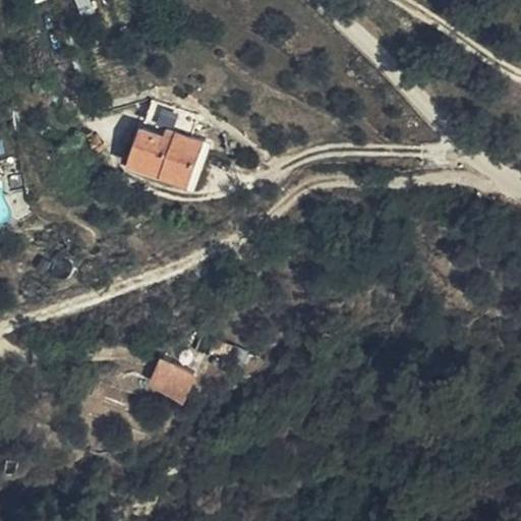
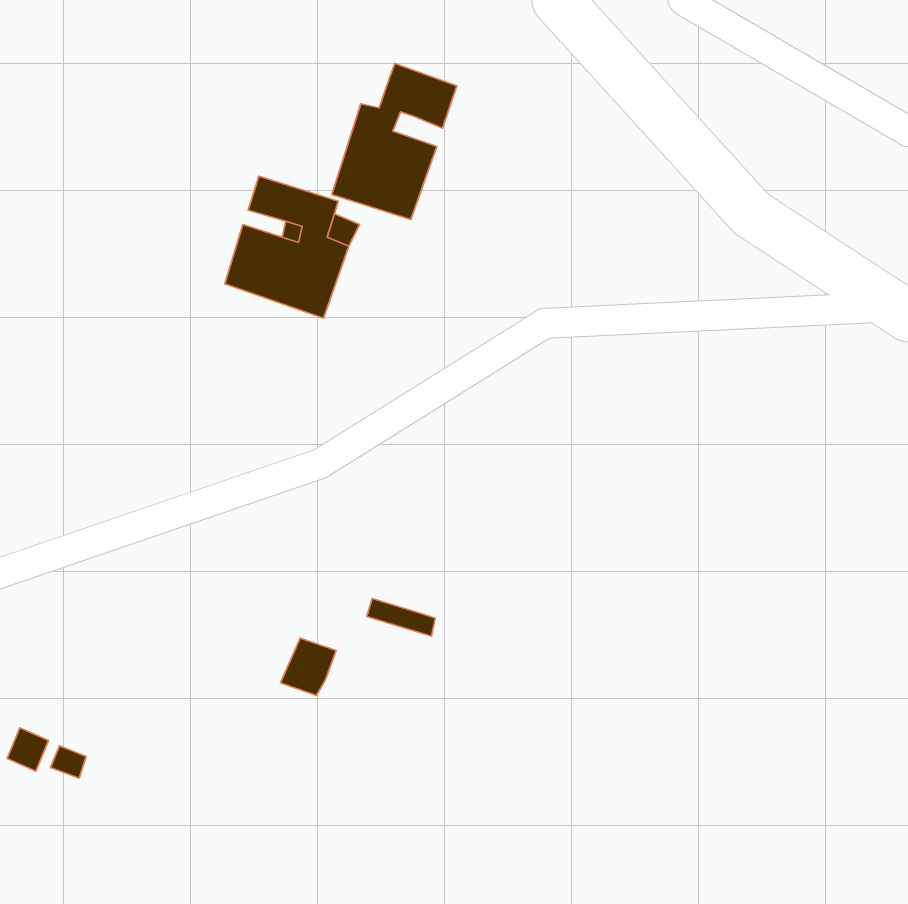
building: none -> [332,64,457,219]

